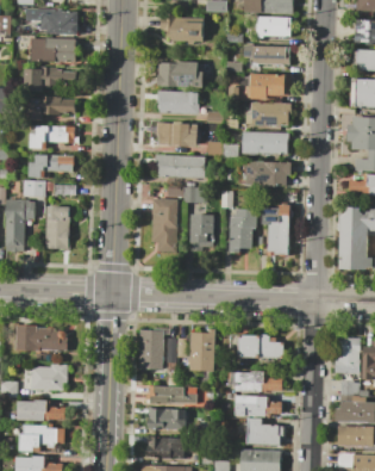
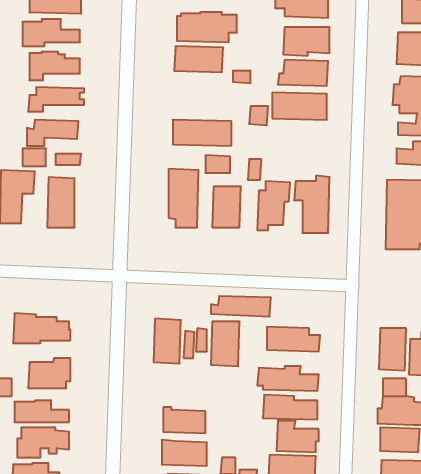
building: [156,123,198,144] -> none
building: [246,162,292,186] -> none
building: [143,386,195,404] -> [211,296,271,317]

